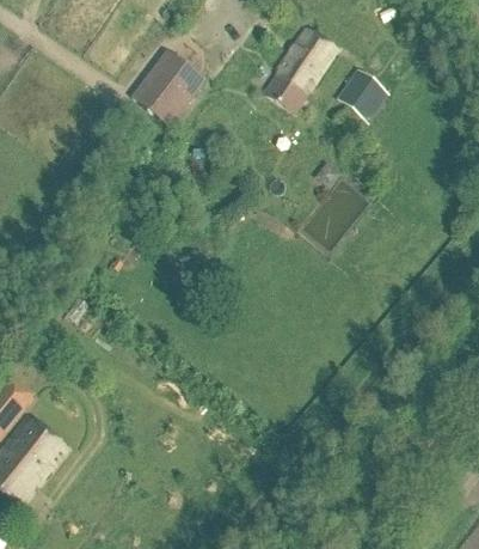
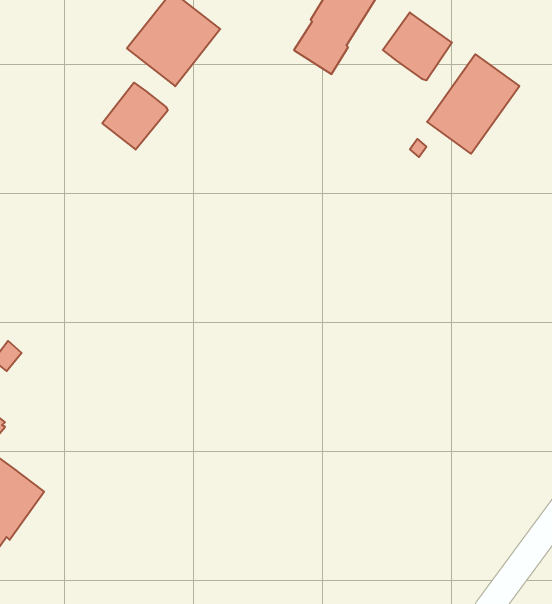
building: none -> [427,54,519,154]
building: none -> [102,83,168,150]

